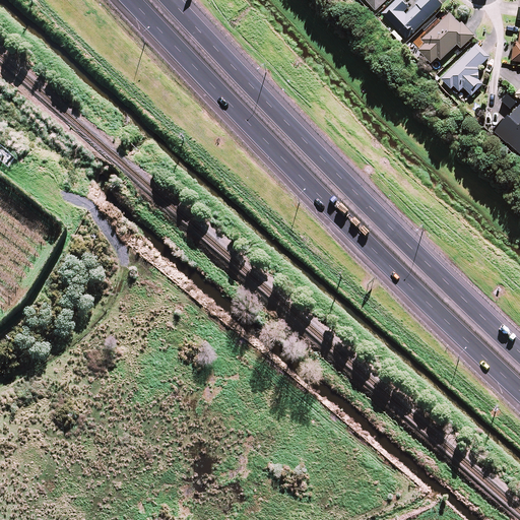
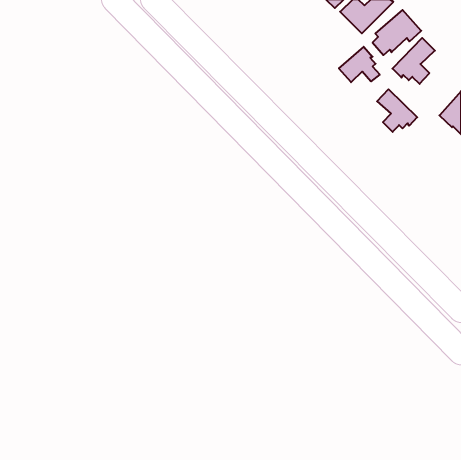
building: none -> [339,47,380,82]
building: none -> [377,89,417,132]

